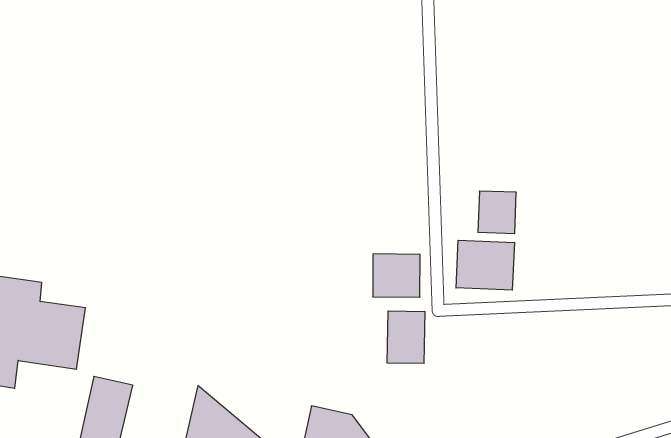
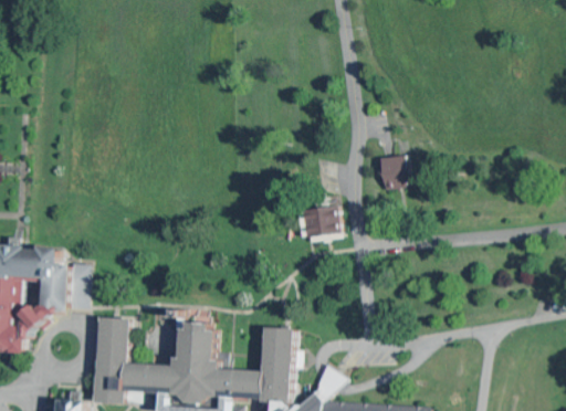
building: [456,240,514,290] -> none
building: [387,311,425,363] -> none

